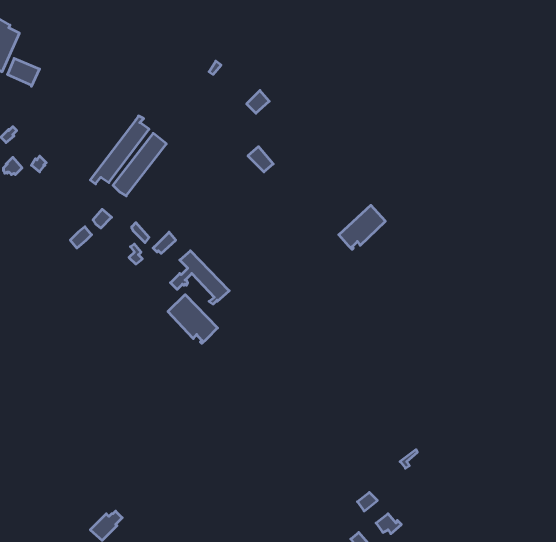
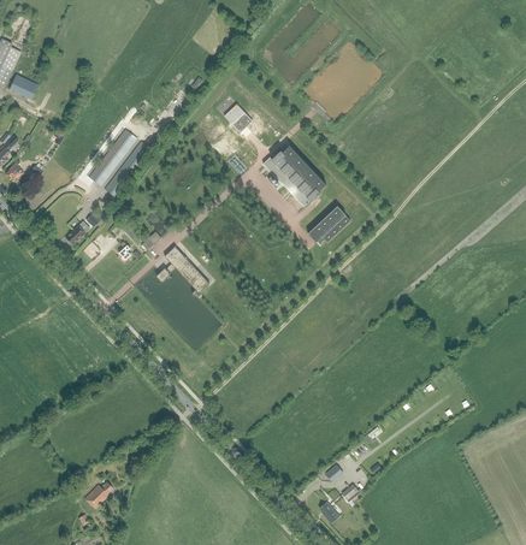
building: none -> [262,146,325,206]
building: [168,295,218,343] -> none

